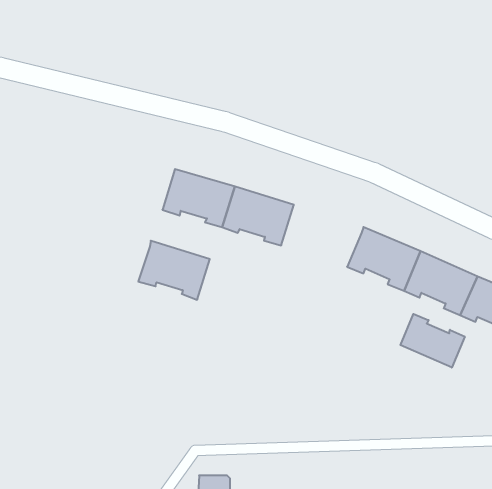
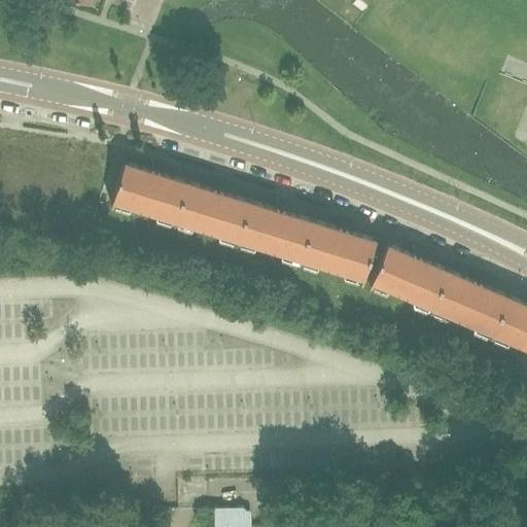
building: none -> [302,223,378,286]
building: [138,241,210,300] -> [112,166,188,229]
building: [400,314,465,368] -> none

